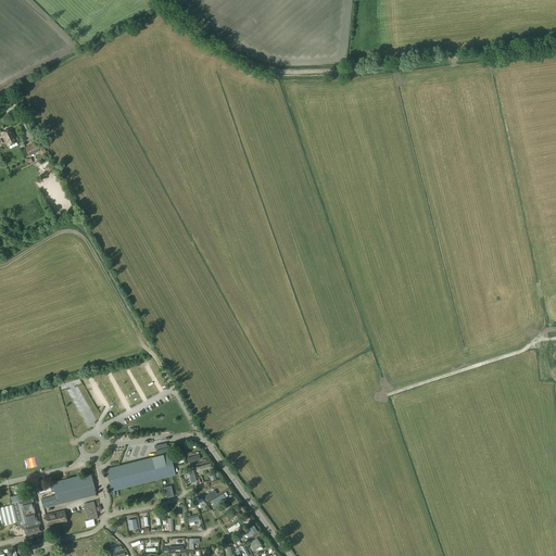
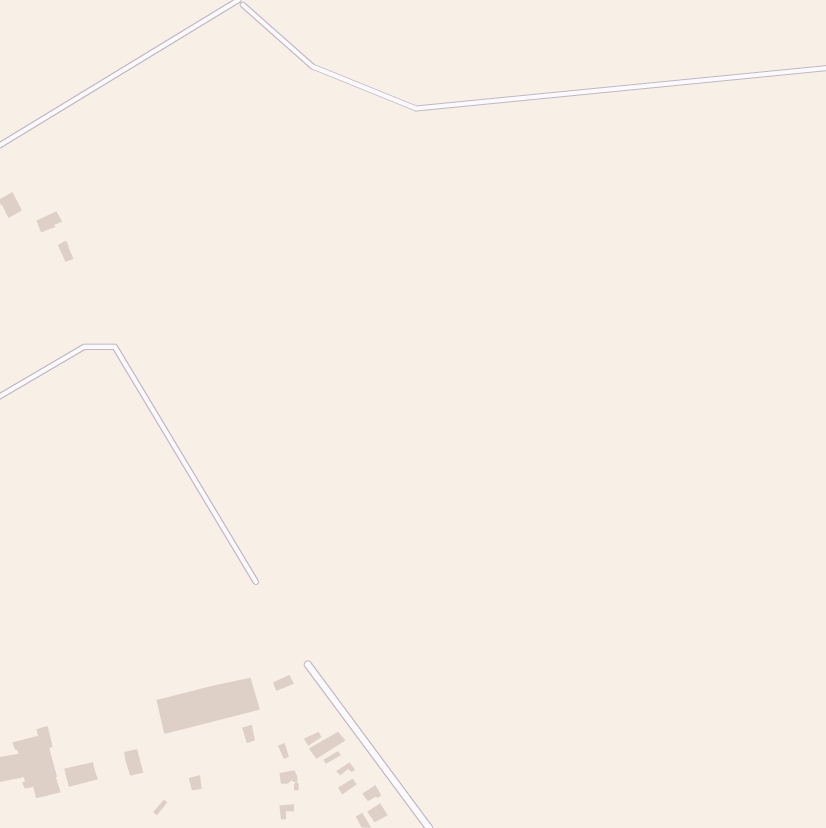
building: [39,473,96,509] -> none

